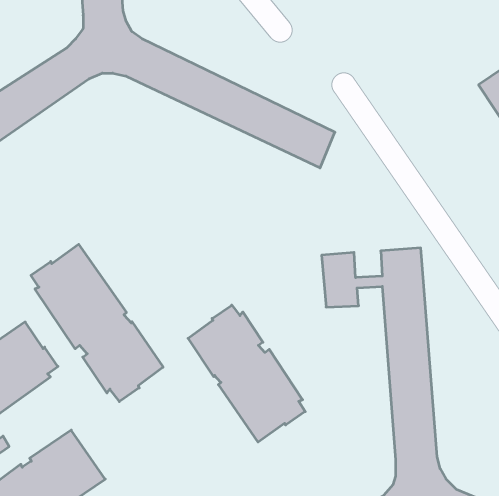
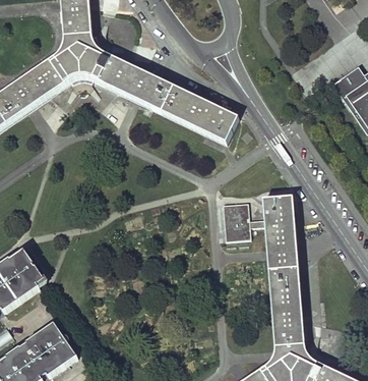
building: [31,244,163,402] -> none
building: [188,305,305,442] -> none

